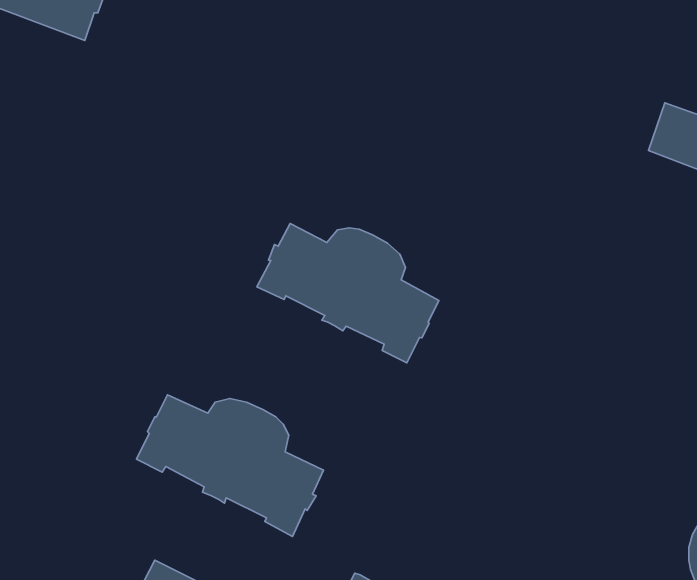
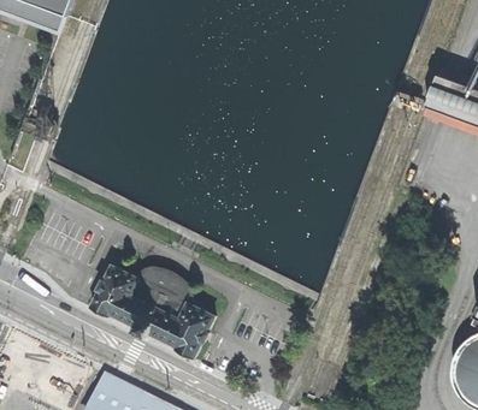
building: [257,223,439,363] -> none

